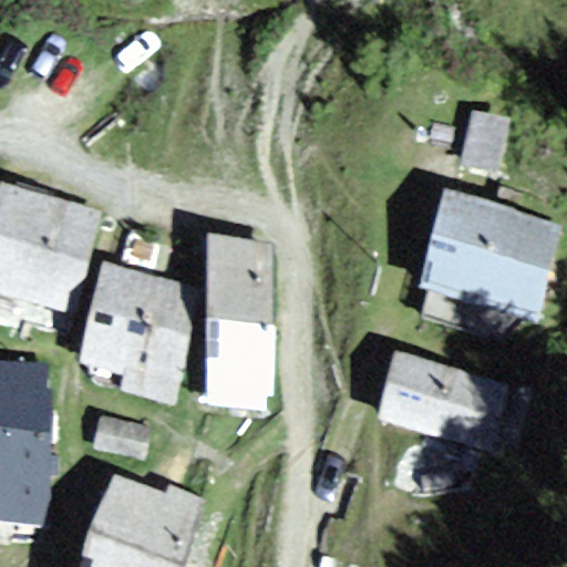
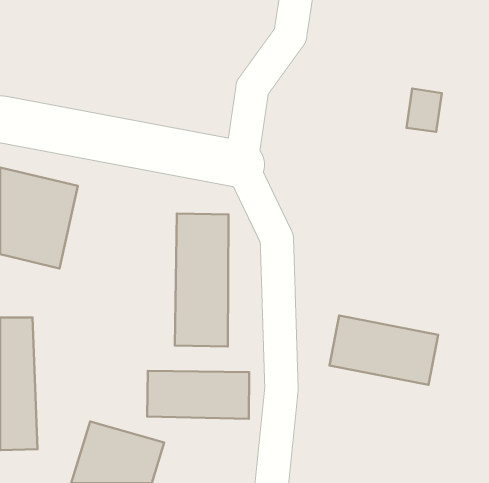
building: [421,203,557,318] -> none
building: [79,268,194,398] -> none
building: none -> [147,371,249,419]

